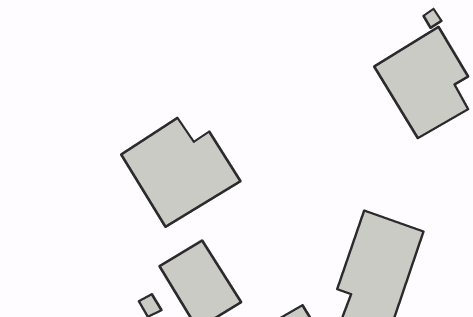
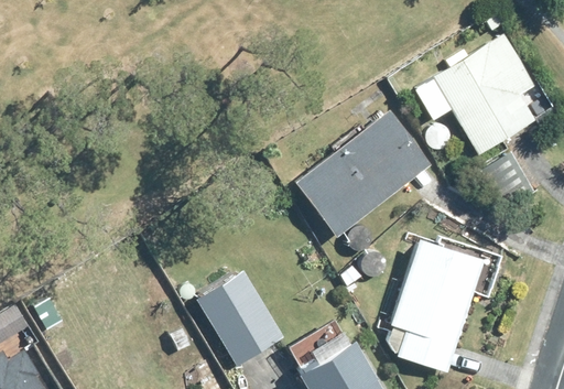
building: none -> [294,109,432,238]
building: [121,118,240,227] -> none

